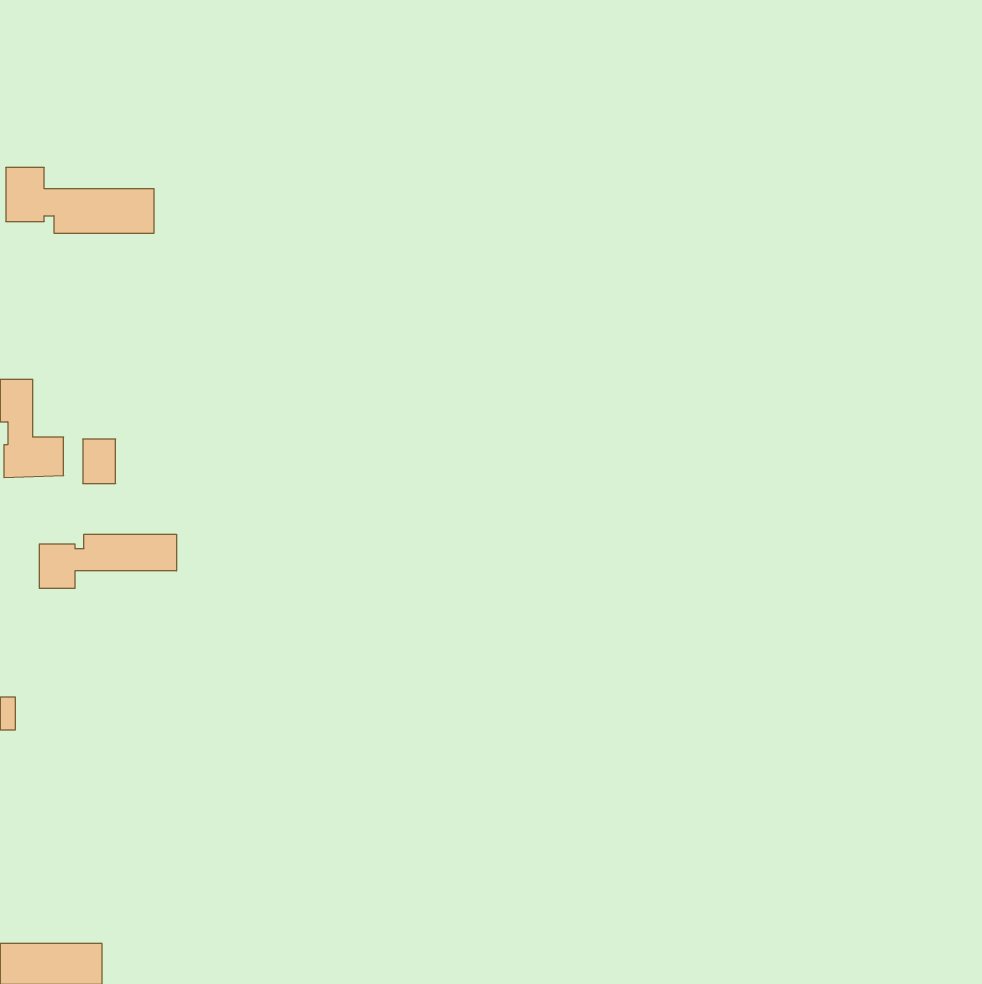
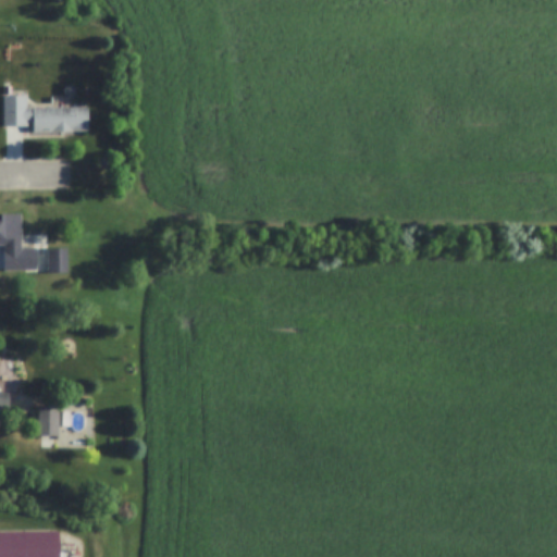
building: [39,534,176,588] -> none
building: none -> [39,406,67,435]

